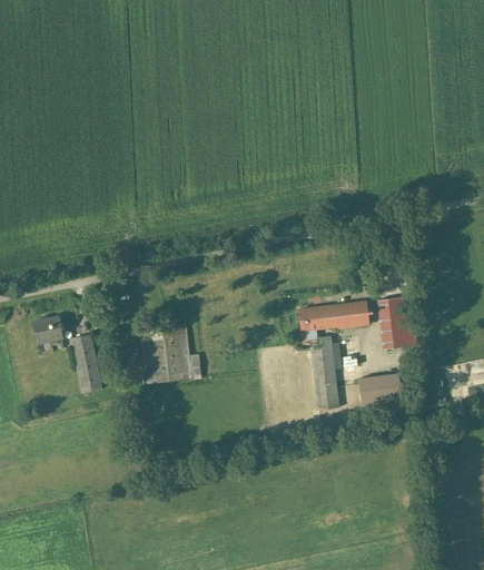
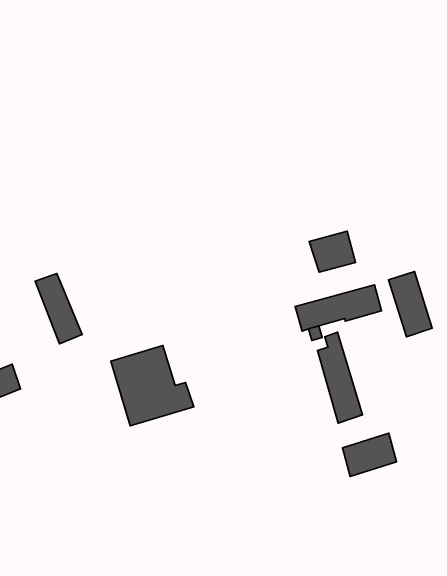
building: none -> [309,231,356,272]
building: [71,334,102,392] -> [35,273,82,344]
building: [359,373,402,403] -> [342,433,397,477]

